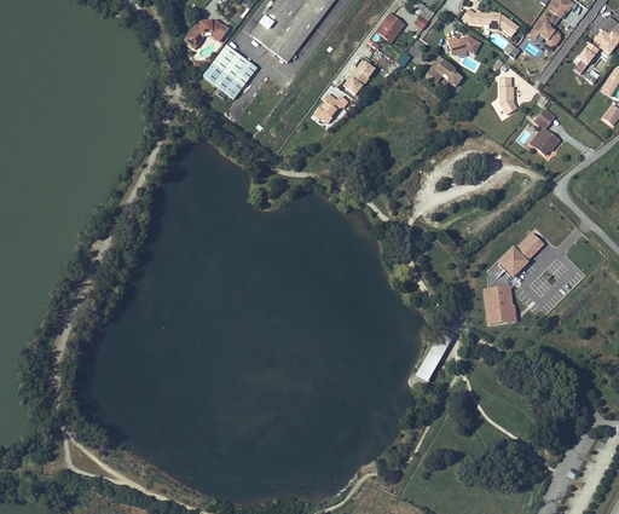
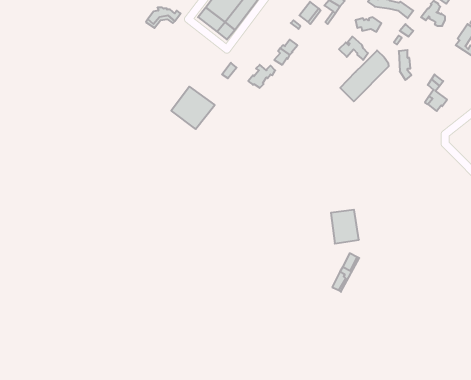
building: [203,45,258,98] -> [171,87,215,129]
building: none -> [340,50,389,101]
building: [498,230,545,278] -> none
building: [484,283,519,325] -> [331,210,359,244]

